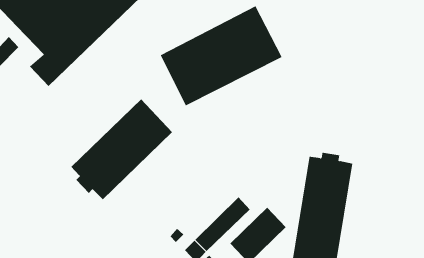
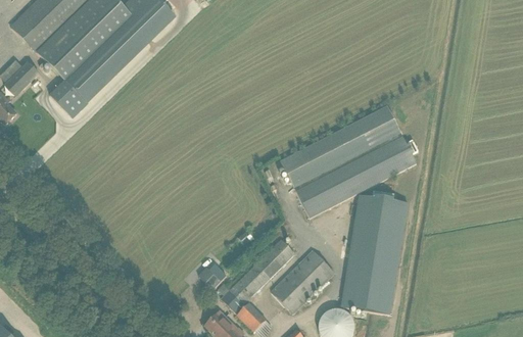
building: [160,6,282,106] -> [280,105,416,216]
building: [71,98,173,200] -> none

